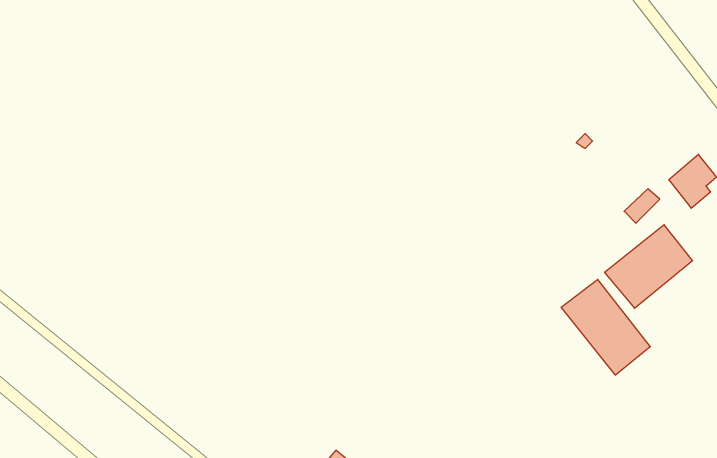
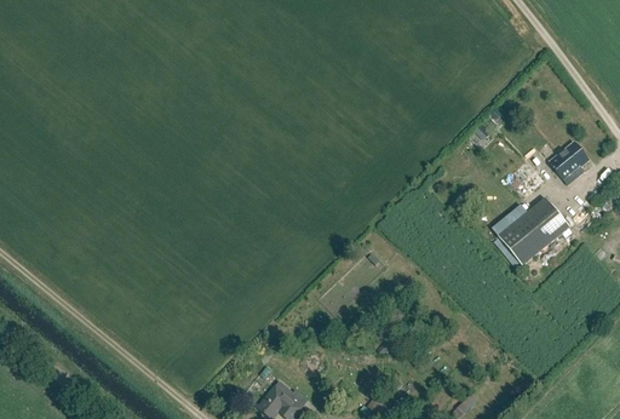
building: [561,279,650,375] -> none

